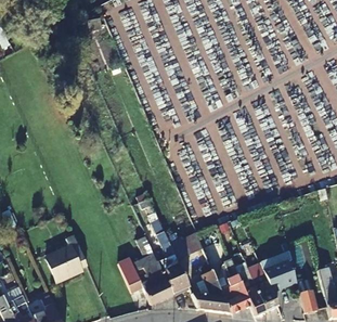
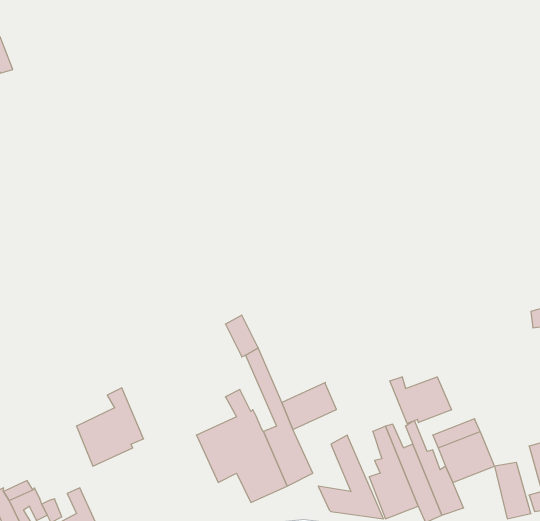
building: none -> [390,377,451,424]

